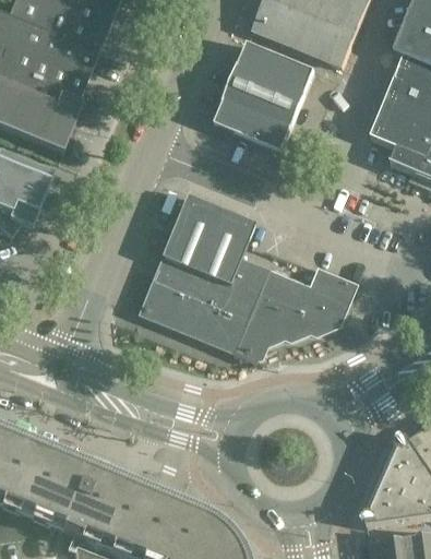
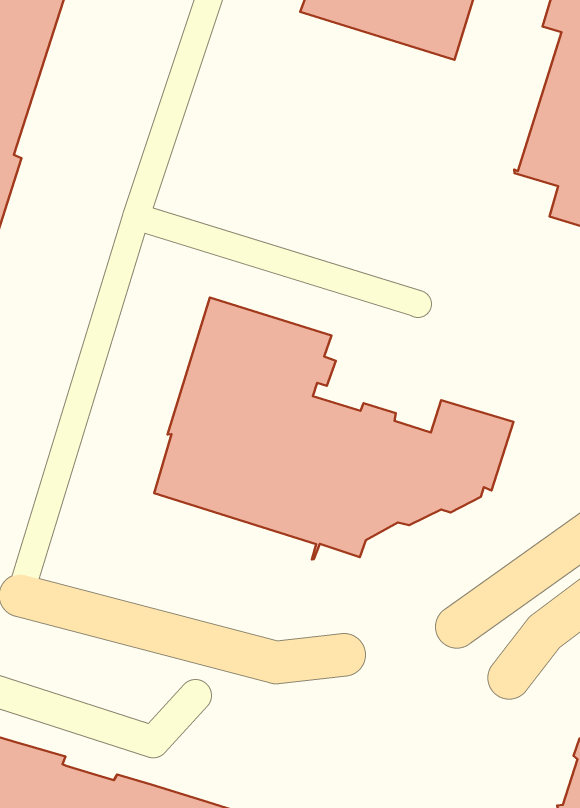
building: [220,45,313,152] -> none

